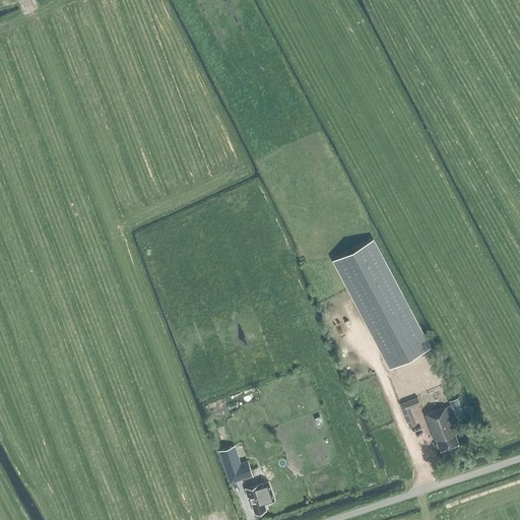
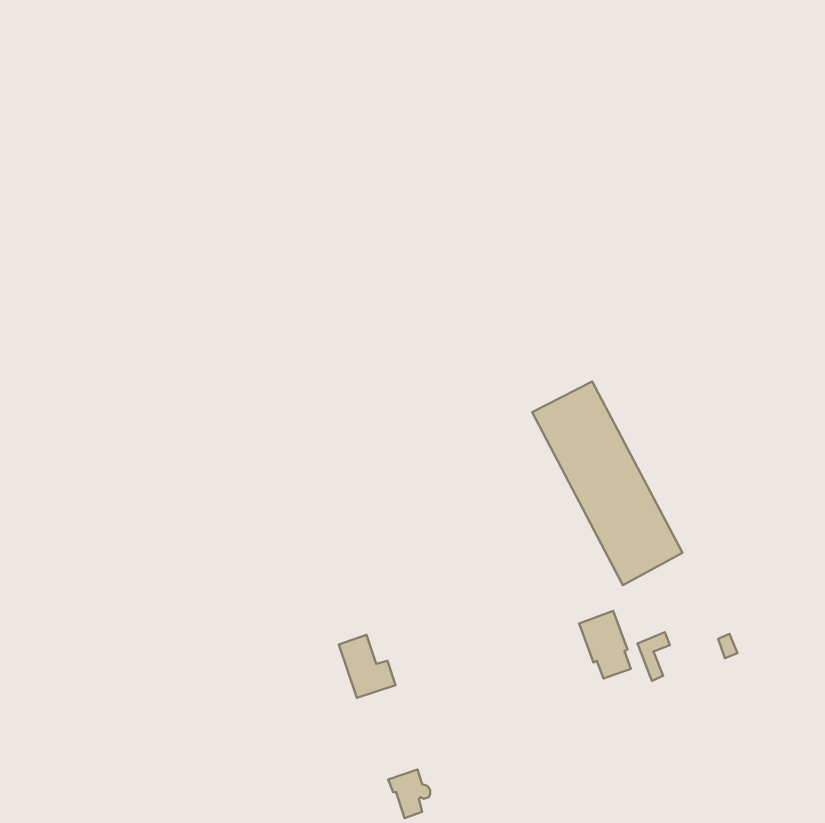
building: [428,409,460,452] -> [579,611,631,679]
building: [218,447,254,486] -> [339,635,396,698]

